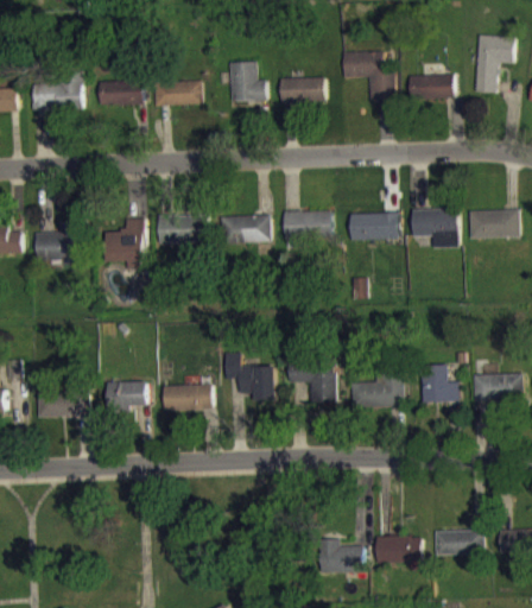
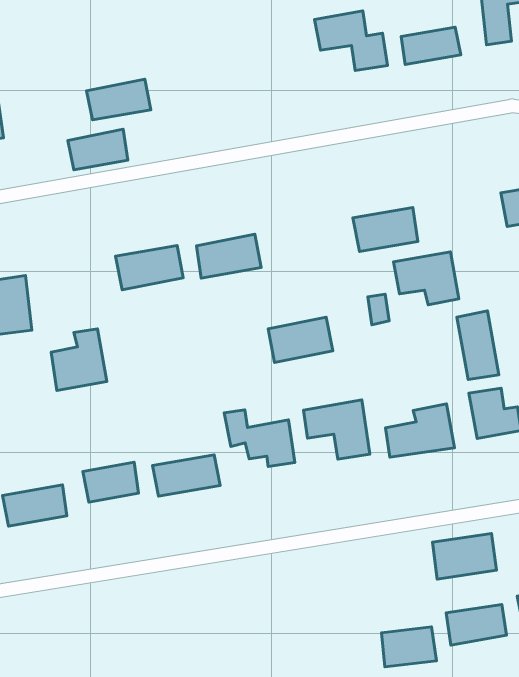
building: [229,62,266,102] -> none
building: [280,77,324,102] -> none
building: [99,80,144,106] -> [68,129,128,170]
building: [411,209,458,248] -> [393,252,459,305]
building: [283,210,331,240] -> [268,317,333,362]
building: [104,218,145,262] -> [51,329,107,391]
building: none -> [457,311,499,380]
building: none -> [432,533,496,579]

